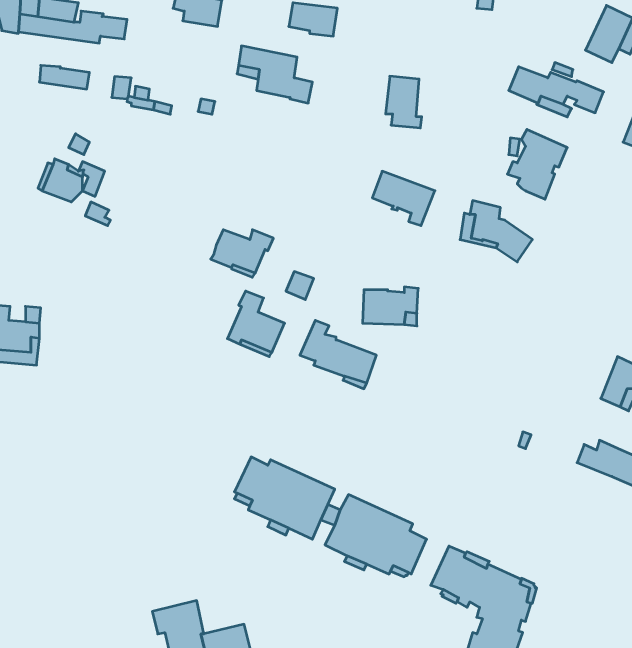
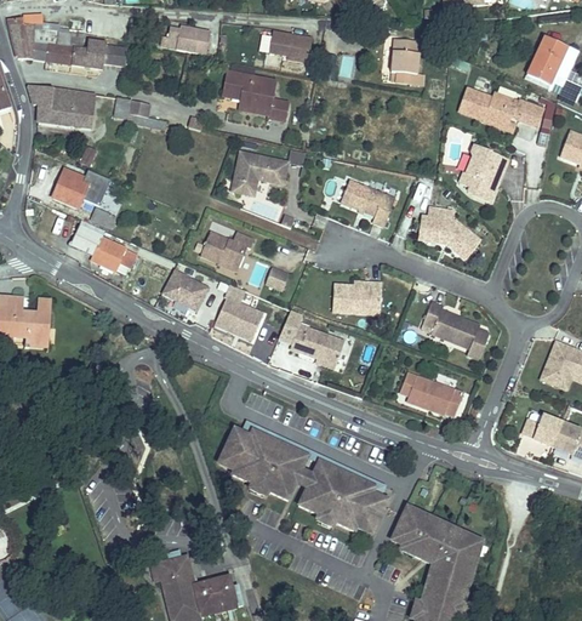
building: none -> [28,85,98,127]
building: [386,76,422,128] -> [390,39,422,84]
building: none -> [230,149,290,196]
building: none -> [72,220,135,270]
building: none -> [161,268,210,312]
building: none -> [421,300,490,360]
building: none -> [399,371,463,417]

